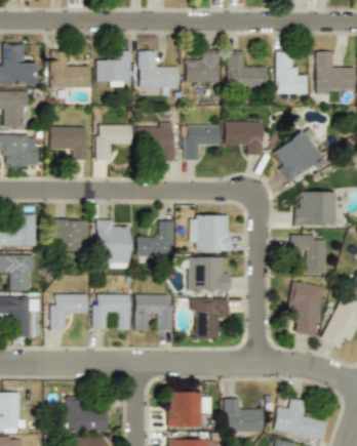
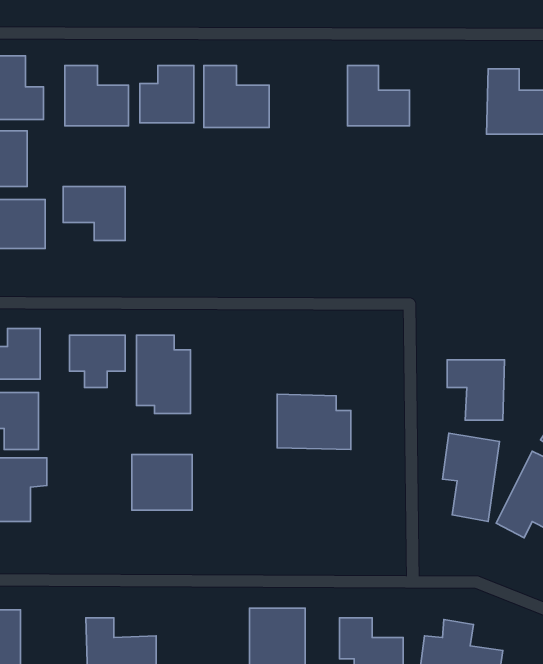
building: [186,50,221,82] -> none
building: [276,52,308,95] -> none
building: [224,121,263,155] -> none
building: [136,122,174,160] -> none
building: [95,125,130,160] -> none
building: [184,125,220,160] -> none
building: [274,126,326,183] -> none
building: [293,192,338,226] -> none
building: [189,214,229,251] -> none
building: [135,220,173,257] -> none
building: [49,294,88,329] -> none
building: [134,294,172,330] -> none
building: [191,298,229,338] -> none

